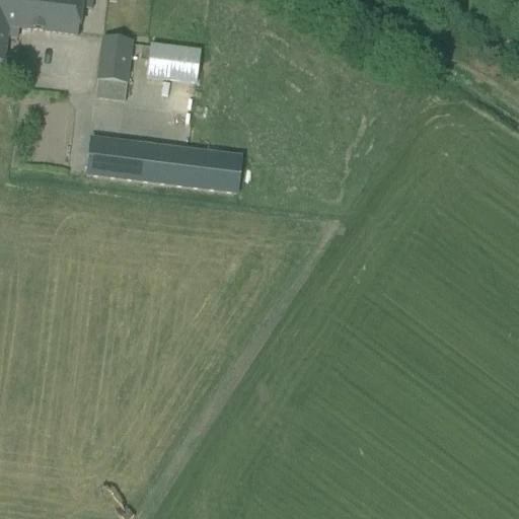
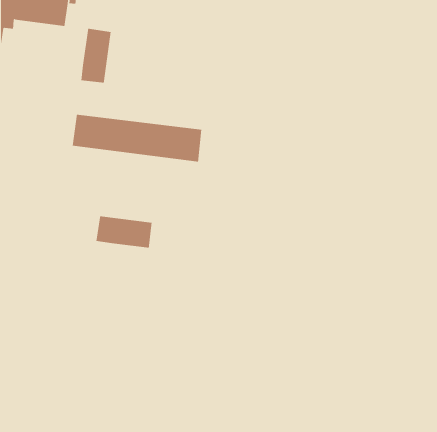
building: [146,41,201,81] -> none
building: none -> [96,216,152,249]

